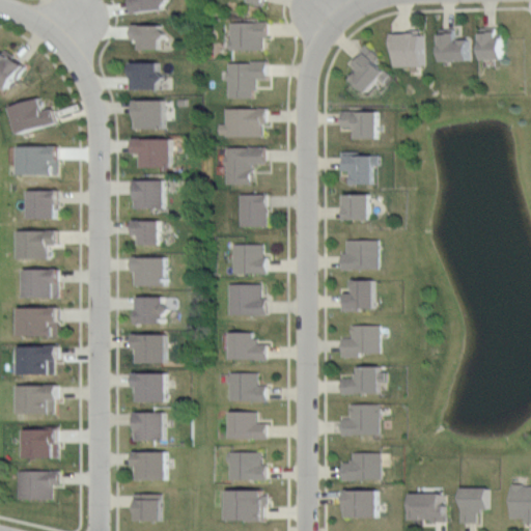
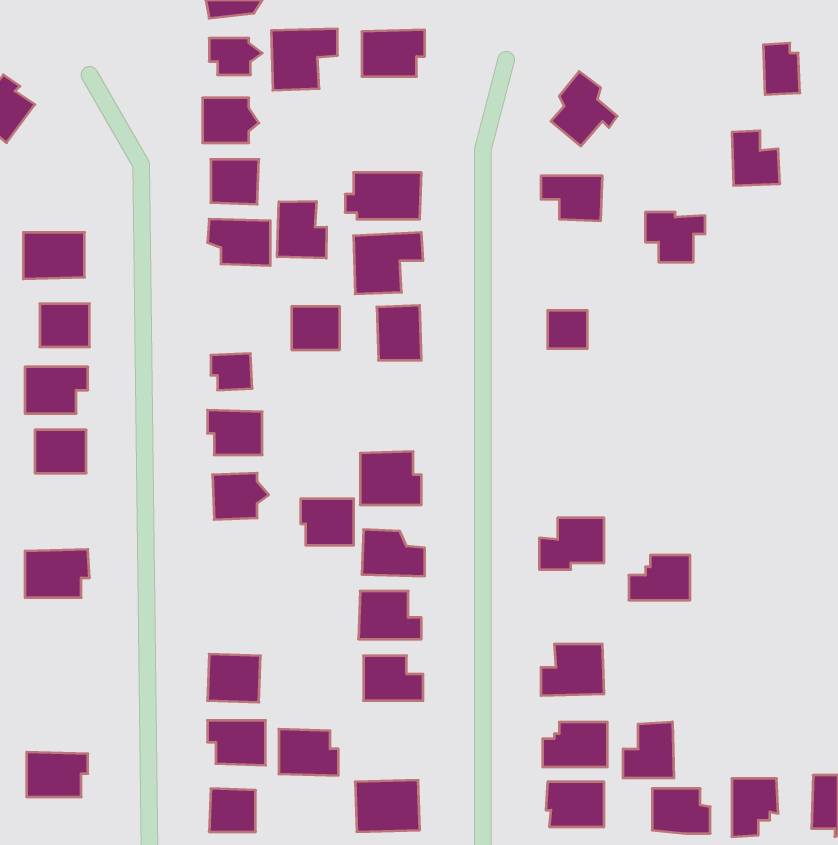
building: [435,29,465,63] -> [732,131,780,185]
building: [386,30,421,67] -> none
building: [223,62,264,101] -> [271,29,338,90]
building: [6,99,53,136] -> none
building: none -> [277,201,327,258]
building: [339,151,376,183] -> [645,212,705,262]
building: [133,183,163,209] -> [292,307,340,350]
building: [338,241,376,270] -> none
building: [228,244,264,276] -> none
building: [338,281,373,312] -> none
building: [15,308,54,338] -> none
building: [131,335,164,364] -> [301,499,354,545]
building: [339,366,378,394] -> [629,555,690,600]
building: [132,373,164,402] -> none
building: [16,387,55,415] -> none
building: [22,430,56,458] -> none
building: [227,452,264,481] -> [279,729,338,775]
building: none -> [623,722,674,778]

